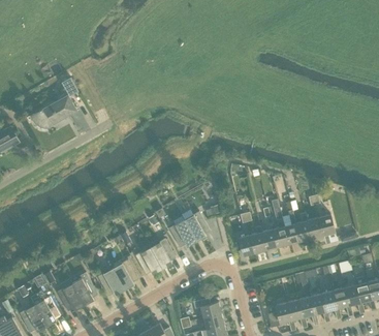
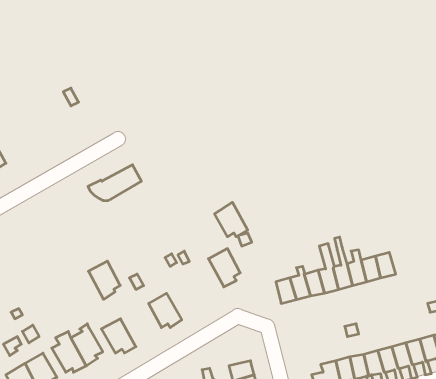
building: [30,98,73,127] -> [88,165,141,200]
building: [168,220,195,248] -> [215,202,248,237]
building: [149,240,175,270] -> none
building: [112,261,137,292] -> [88,261,120,299]

